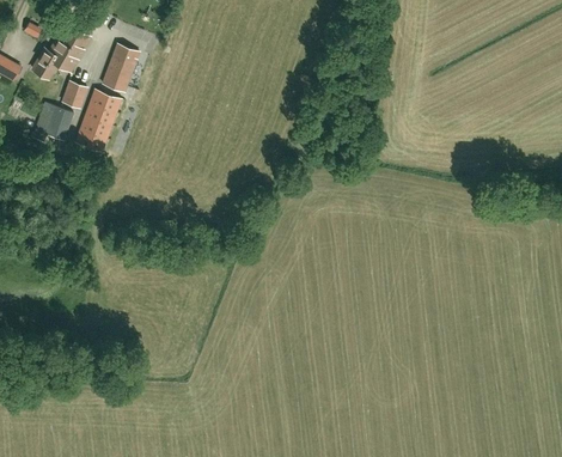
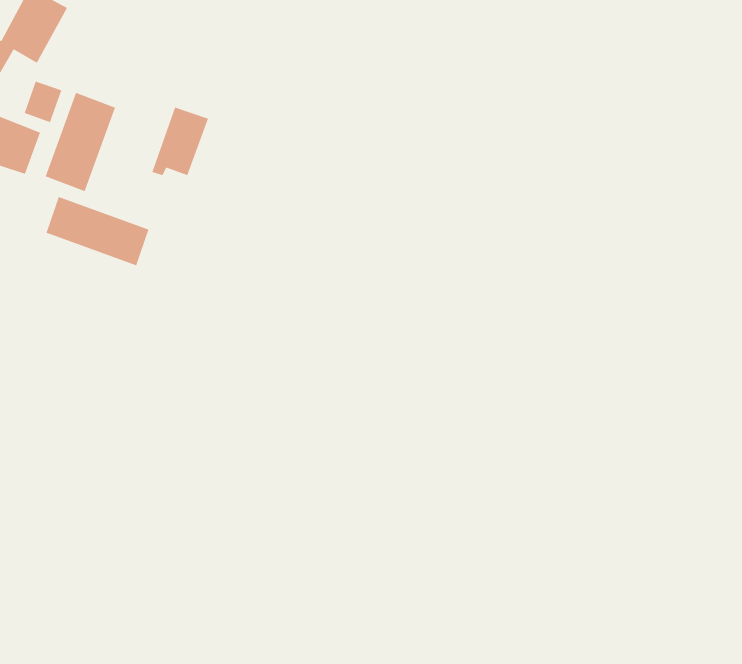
building: [103,43,139,86] -> [151,107,209,176]
building: none -> [46,196,149,266]

